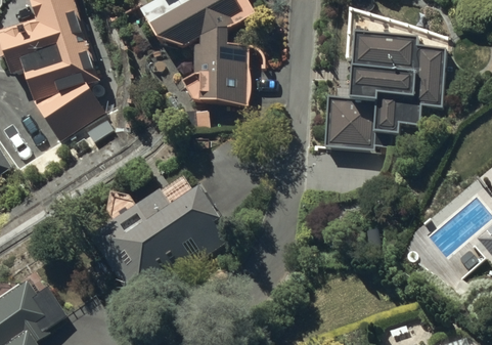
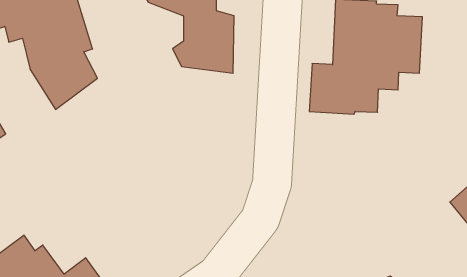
building: [89,182,227,303] -> none

